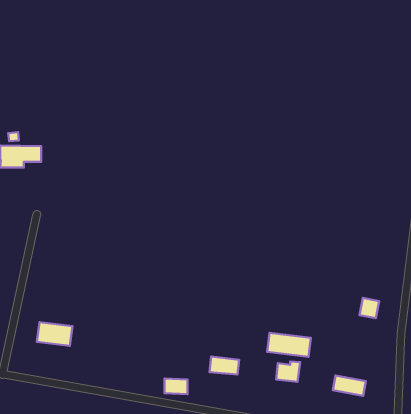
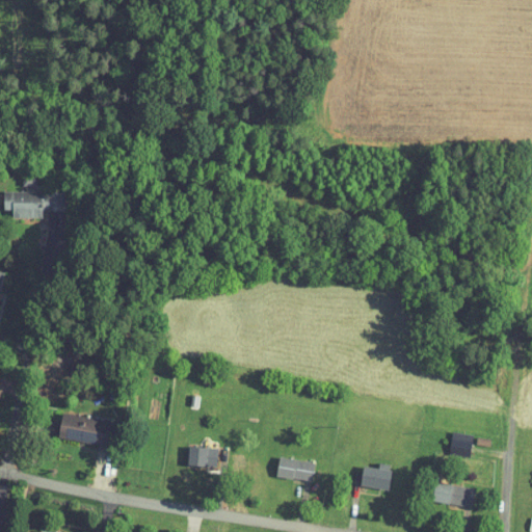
building: [359,298,379,318] -> [448,432,473,458]
building: [267,333,311,357] -> none
building: [164,379,187,394] -> [188,448,217,468]

